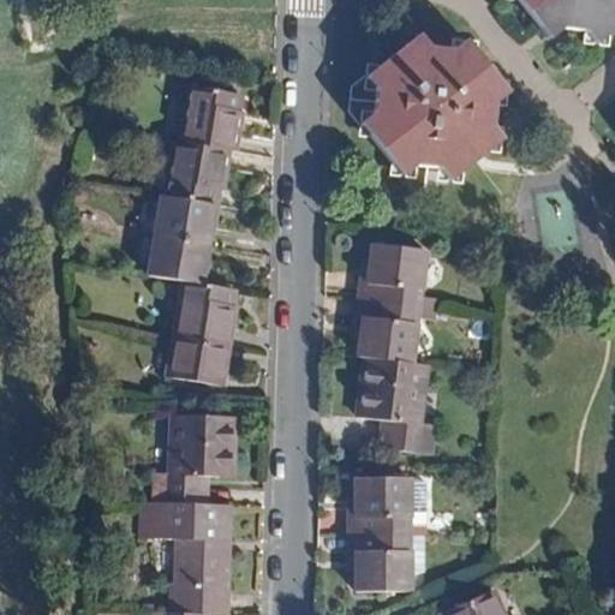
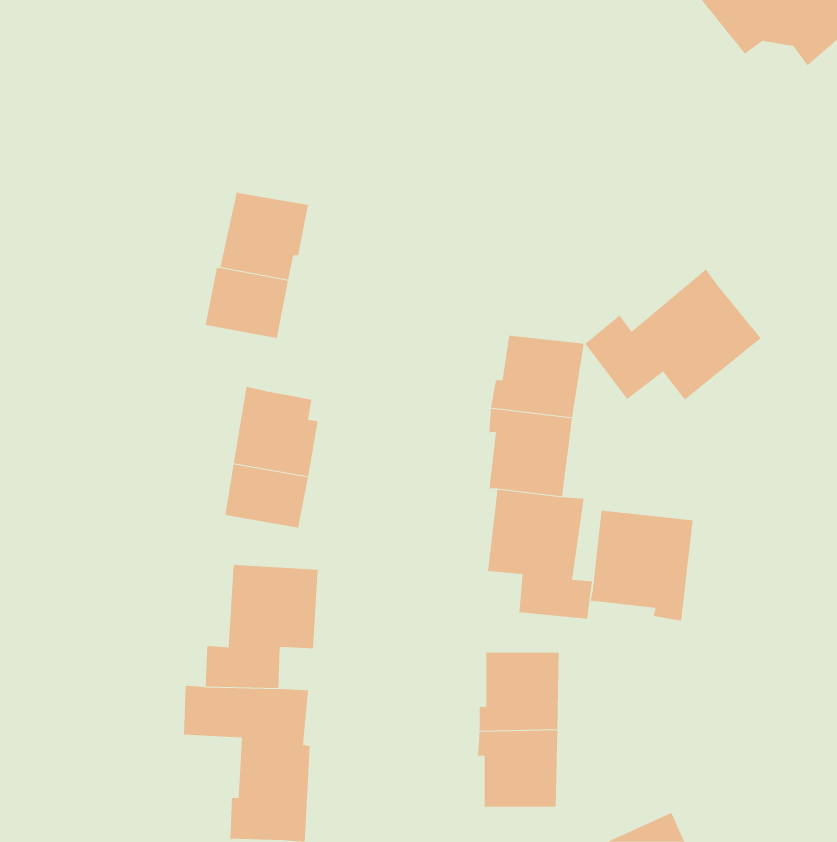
building: [360,37,507,183] -> none
building: [180,84,241,150] -> none
building: none -> [584,269,762,400]
building: [147,237,207,285] -> none
building: none -> [590,510,693,621]

